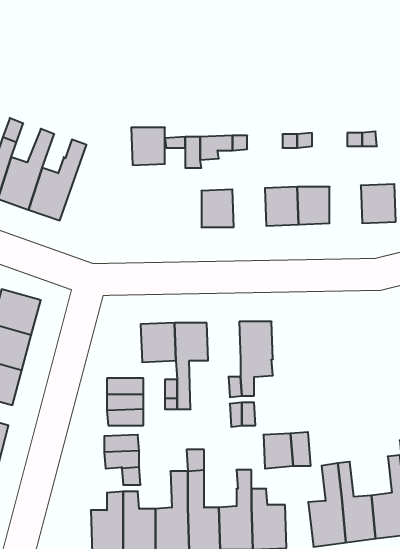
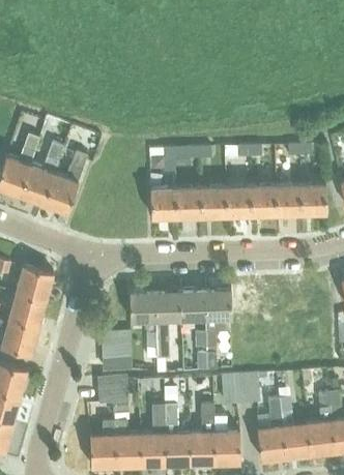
building: [131,127,165,165] -> [150,190,176,219]
building: none -> [275,186,299,215]
building: none -> [200,188,226,218]
building: none -> [180,291,206,321]

